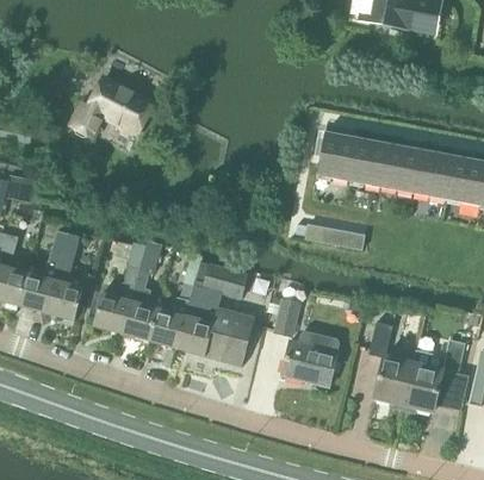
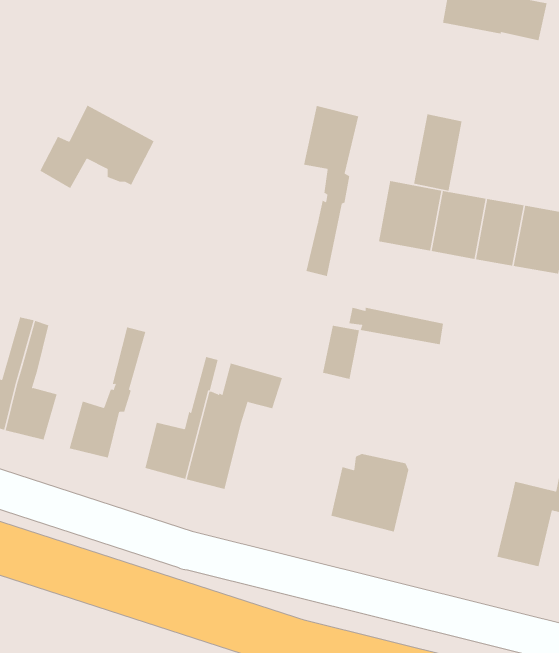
building: none -> [303,105,359,277]
building: none -> [414,114,462,192]
building: [122,242,161,341] -> none
building: [273,299,300,338] -> [322,325,360,379]
building: [206,308,255,366] -> none
building: [368,323,414,405] -> none

